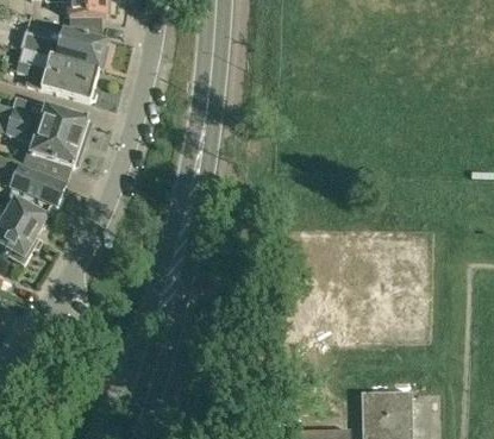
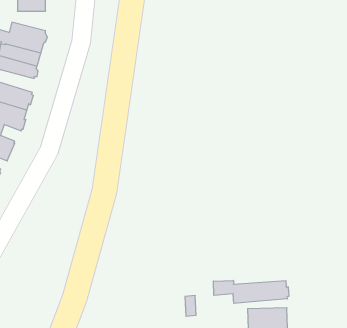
building: none -> [213,280,289,303]

